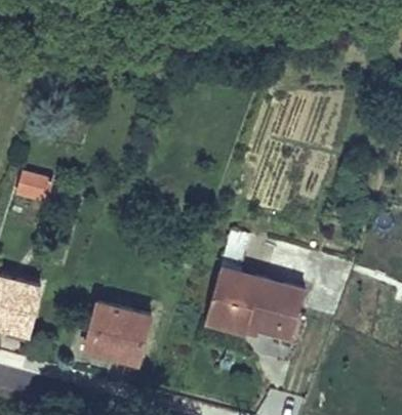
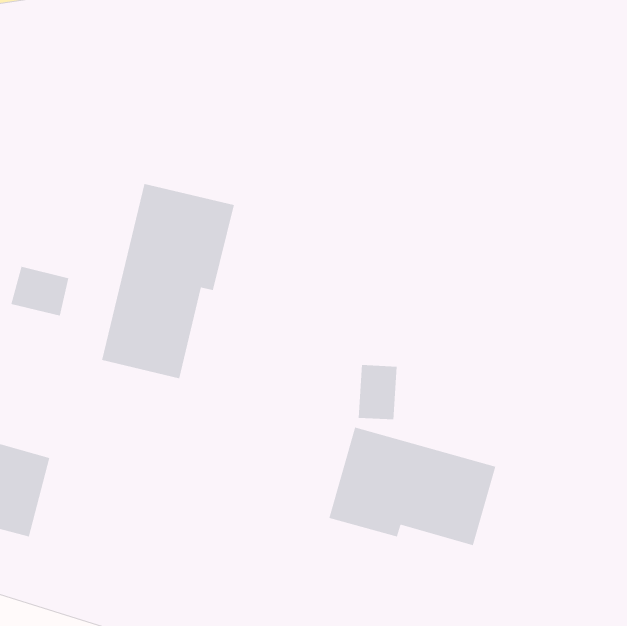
building: none -> [101,183,234,379]
building: [85,303,150,364] -> none

